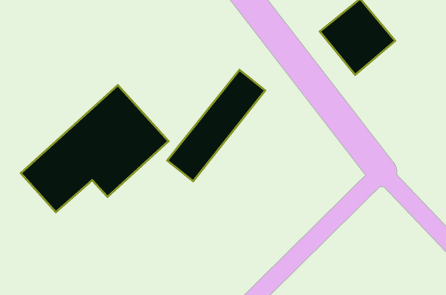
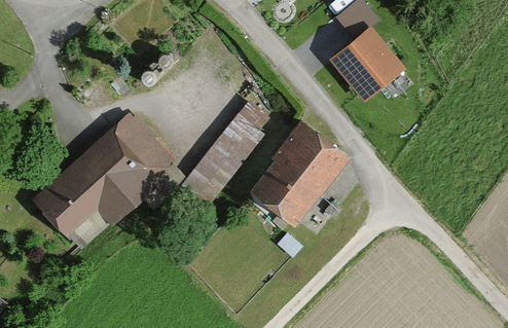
building: none -> [253,120,350,227]

